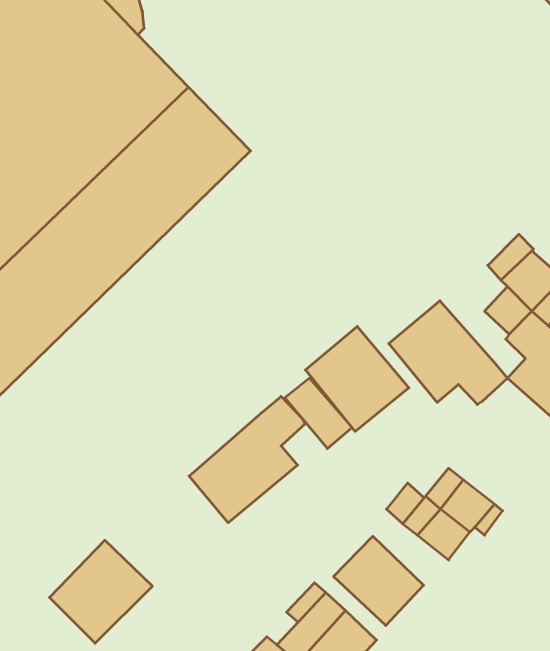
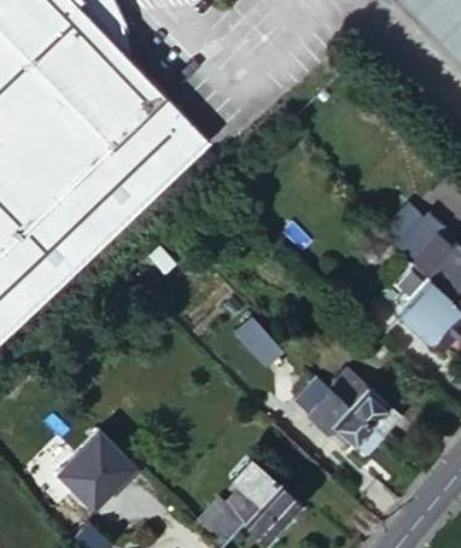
building: [389,301,507,405] -> none
building: [305,326,409,431] -> none
building: [189,396,305,523] -> none
building: [334,536,424,626] -> none

